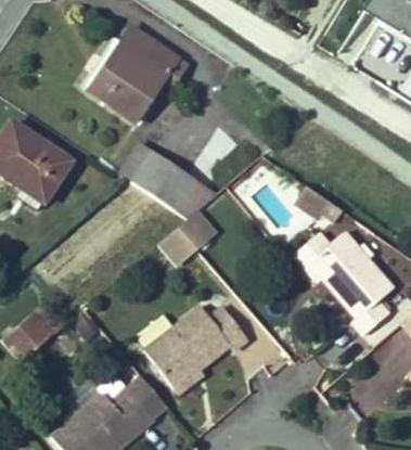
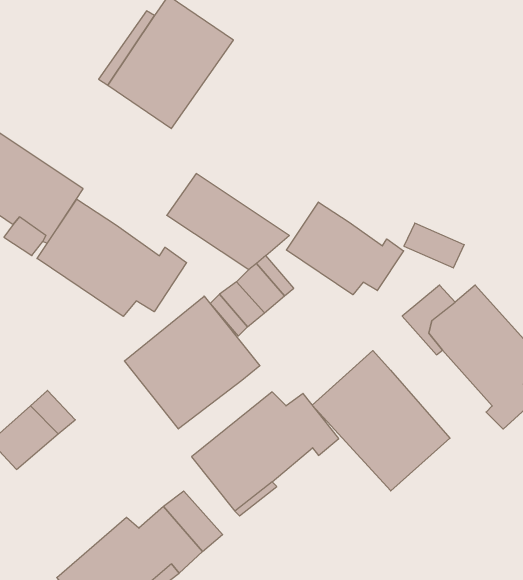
building: none -> [37,199,187,316]
building: none -> [286,202,404,295]
building: none -> [124,296,260,429]
building: none -> [312,351,450,491]

